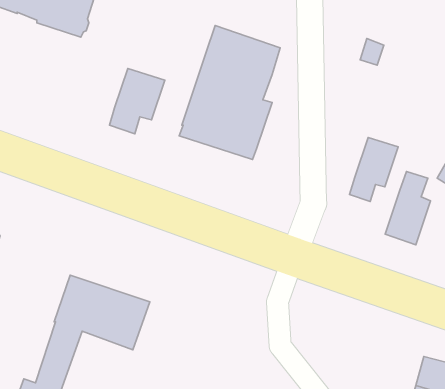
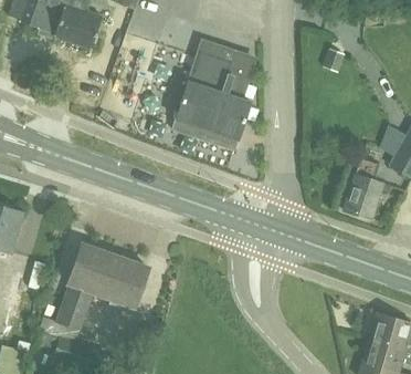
building: [109,68,165,134] -> none
building: [350,137,398,202] -> none

